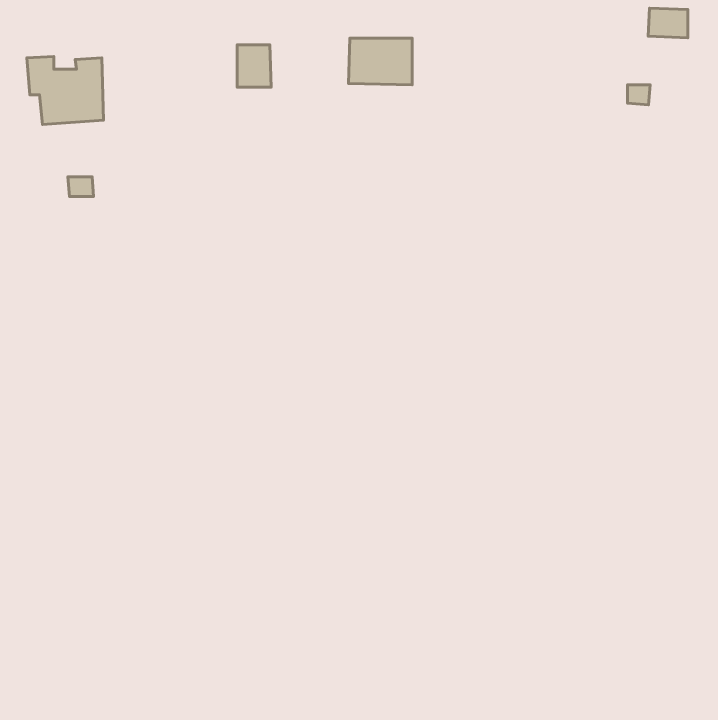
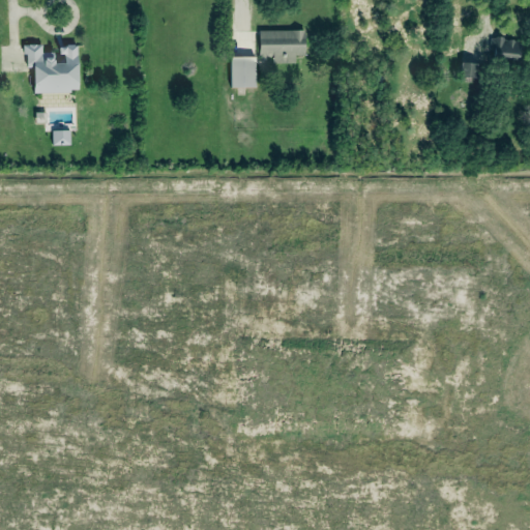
building: [648,8,688,38] -> [492,39,521,61]
building: [237,45,271,87] -> [233,58,258,89]

